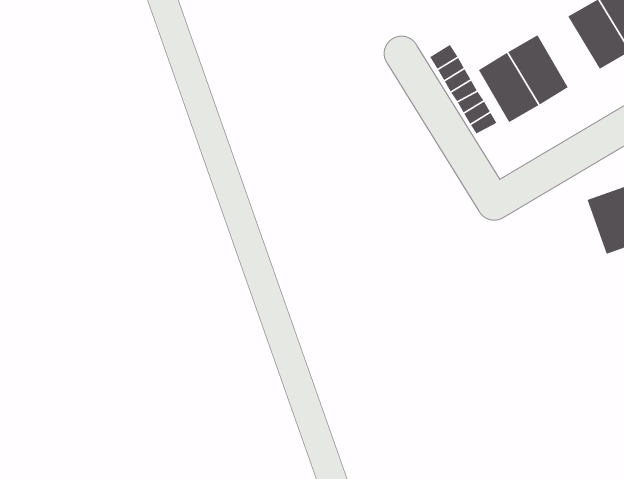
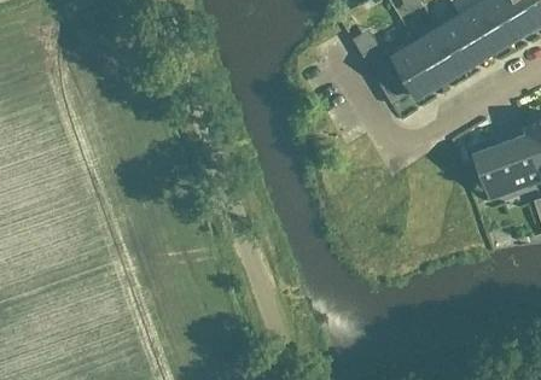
building: none -> [437,18,483,71]

